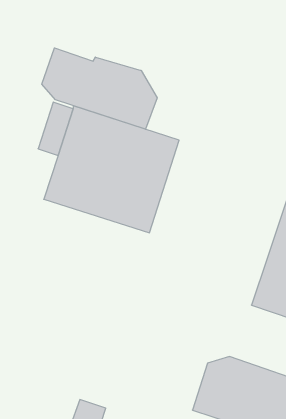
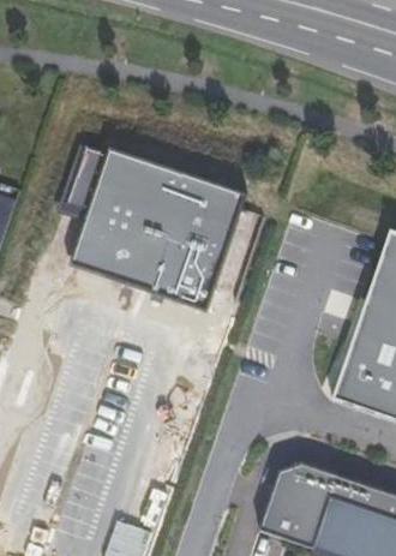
building: [42,48,157,129] -> none

